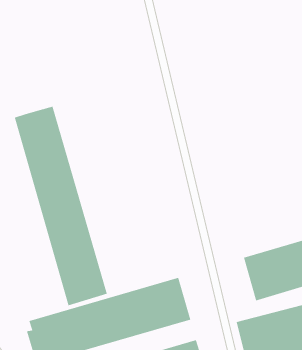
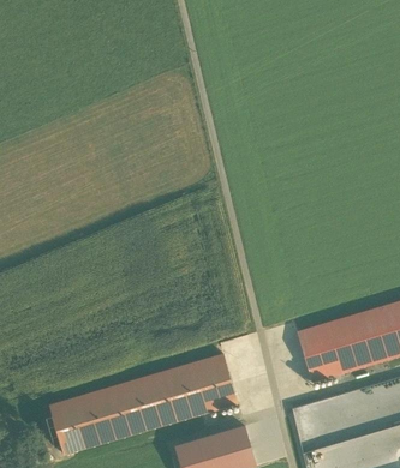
building: [14,106,107,306] -> none

